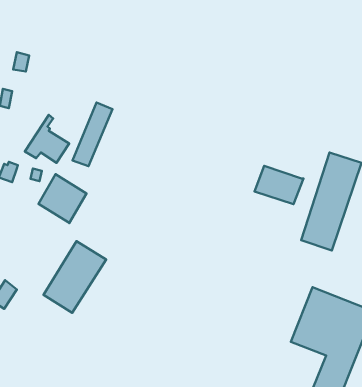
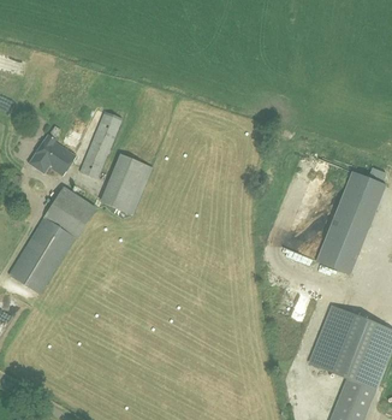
building: none -> [103,155,152,215]
building: [254,166,303,204] -> none
building: [43,241,106,313] -> [8,218,75,294]

